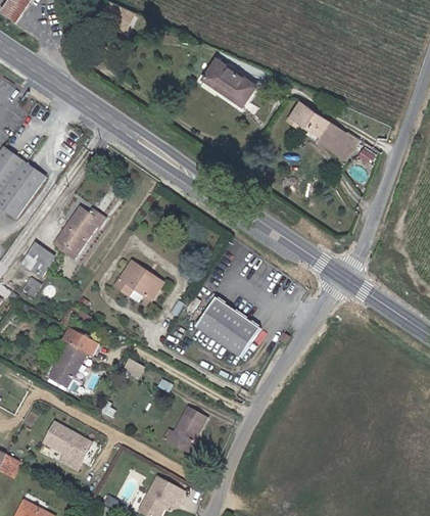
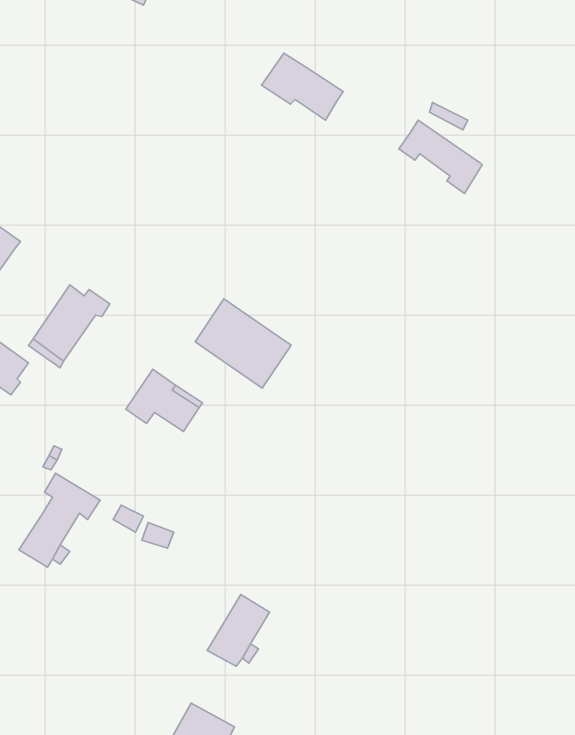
building: [331,129,362,161] -> none
building: [197,300,258,358] -> [195,299,291,388]
building: [43,420,91,467] -> none

